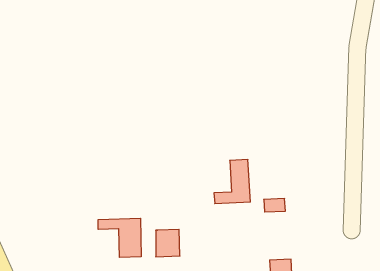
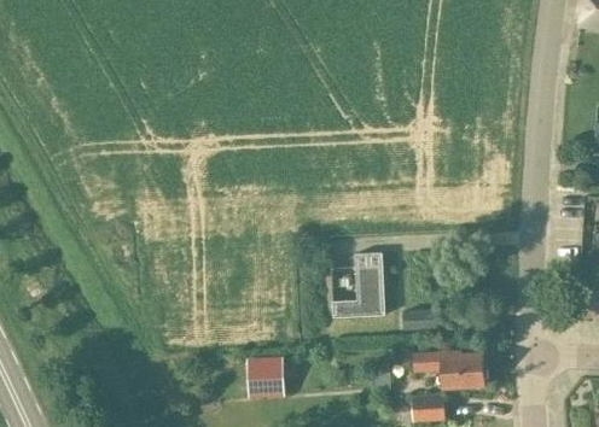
building: [98,218,141,257] -> none
building: none -> [414,350,485,388]

